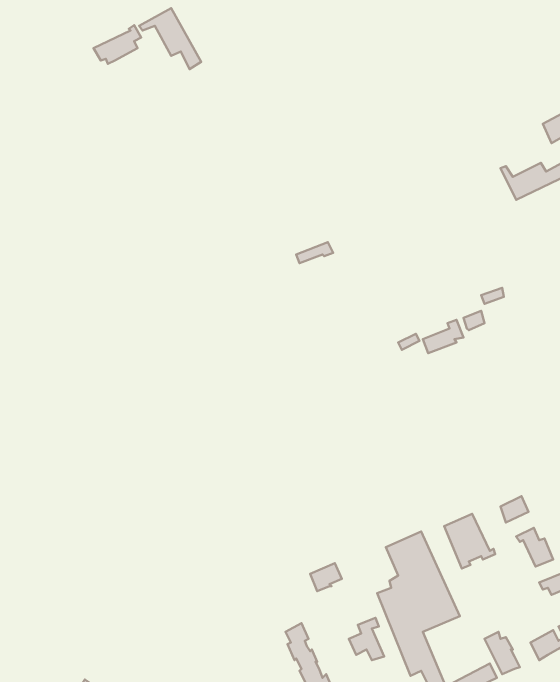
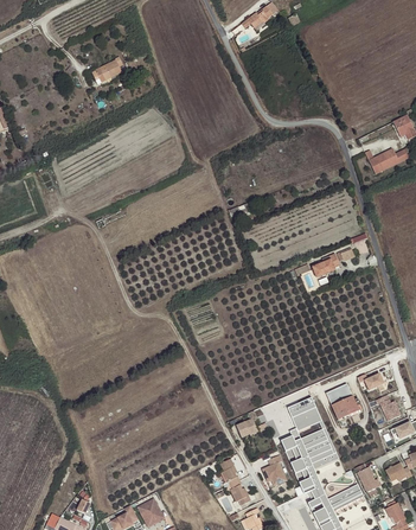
building: [139,8,201,69] -> none

